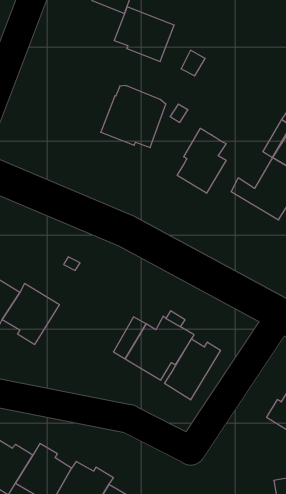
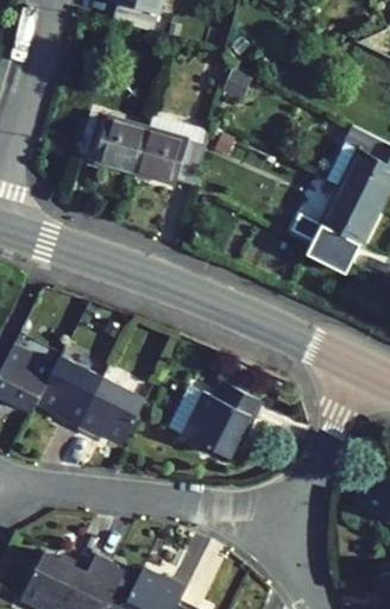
building: [114,7,174,61] -> [80,114,149,175]
building: [177,128,226,193] -> none
building: none -> [78,381,146,446]
building: [165,339,220,400] -> none

